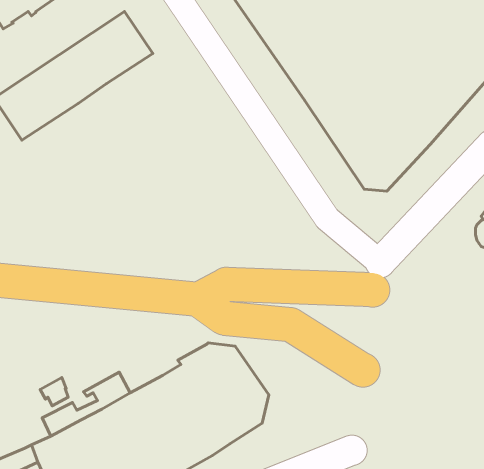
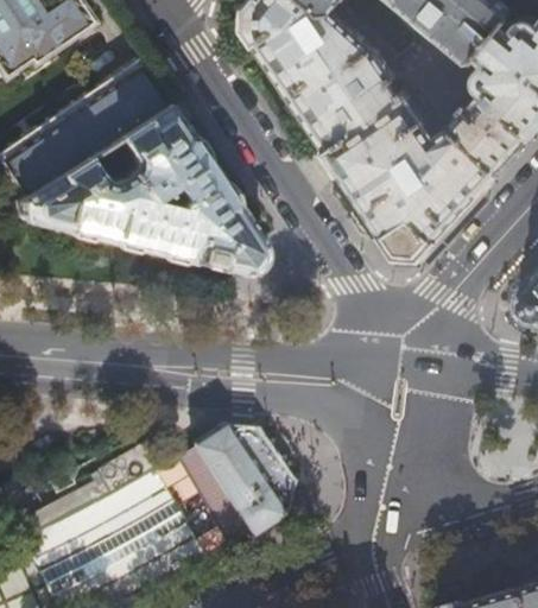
building: none -> [18,104,266,273]

